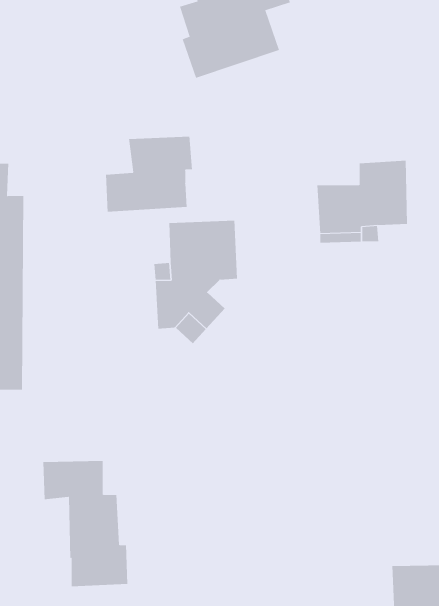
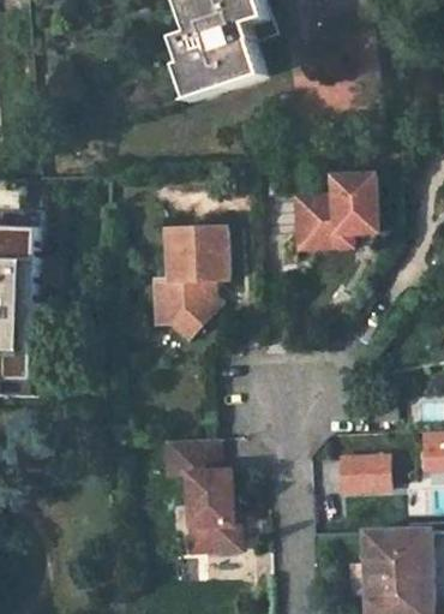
building: [106,136,193,213] -> none
building: [42,460,128,587] -> [166,440,241,552]
building: none -> [341,458,385,491]

